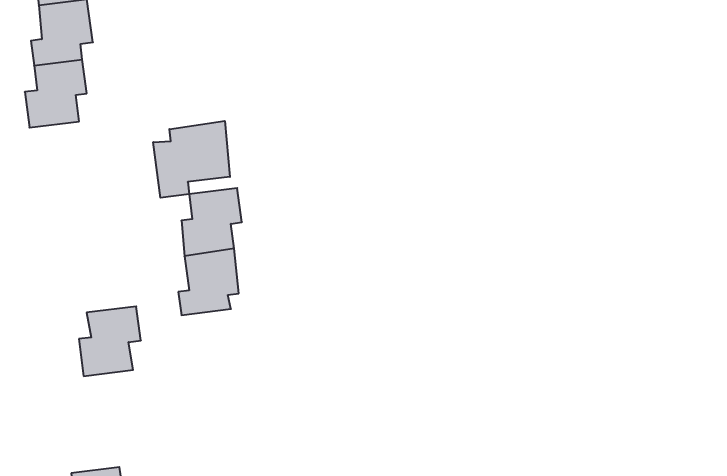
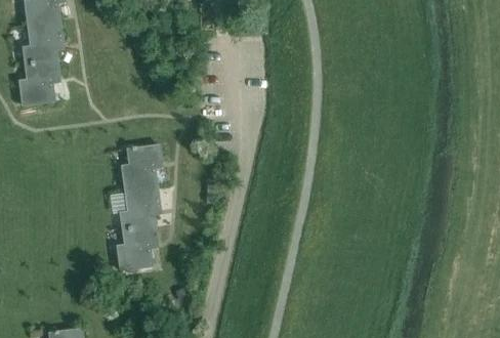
building: [153,121,230,198] -> none
building: [79,306,141,376] -> [117,224,158,270]

